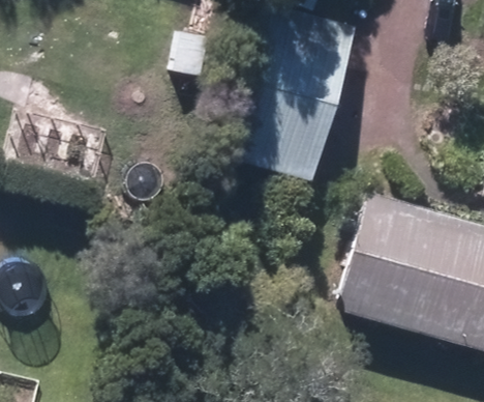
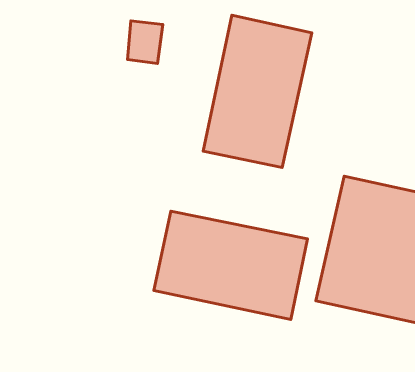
building: none -> [154,211,307,320]

